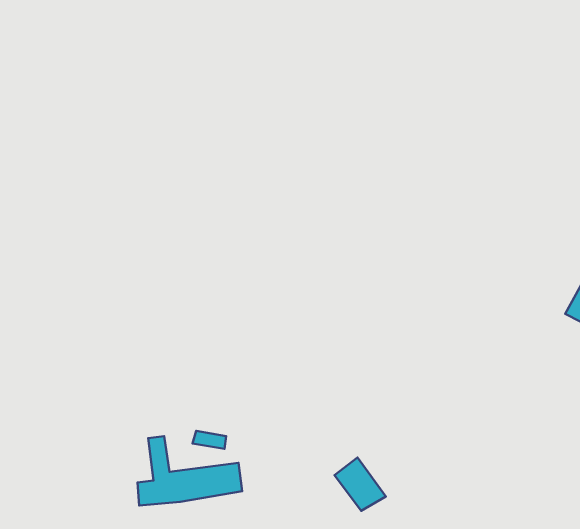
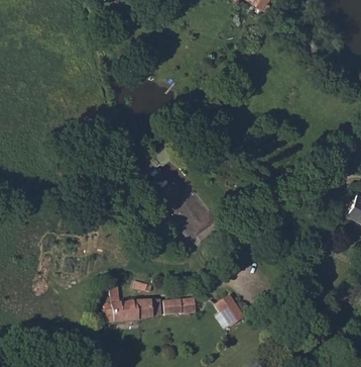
building: none -> [163,297,196,315]

